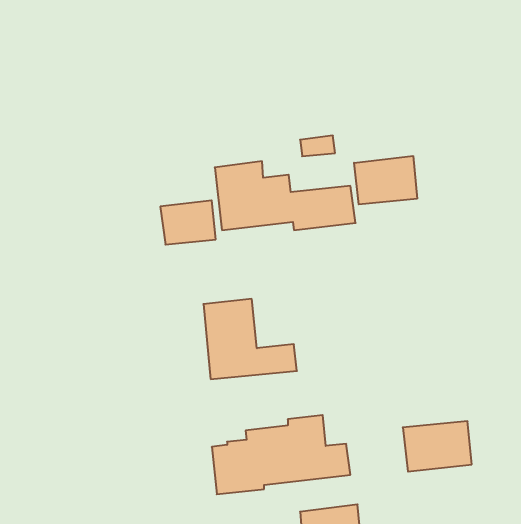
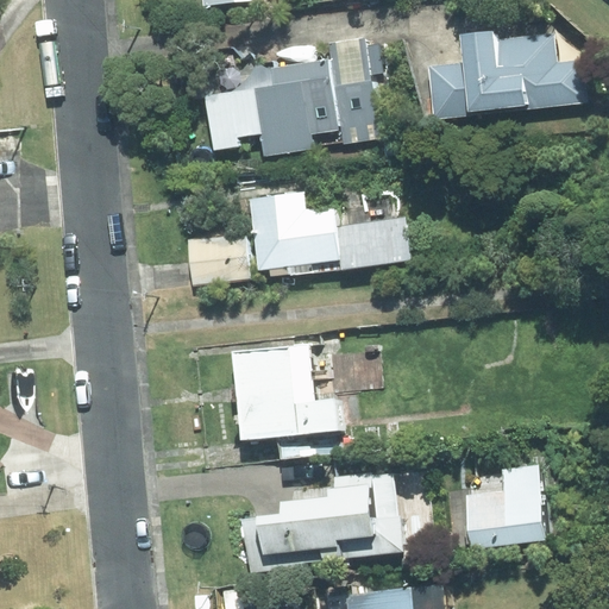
building: none -> [427,27,586,118]
building: none -> [205,57,381,155]
building: [354,156,417,204] -> none

